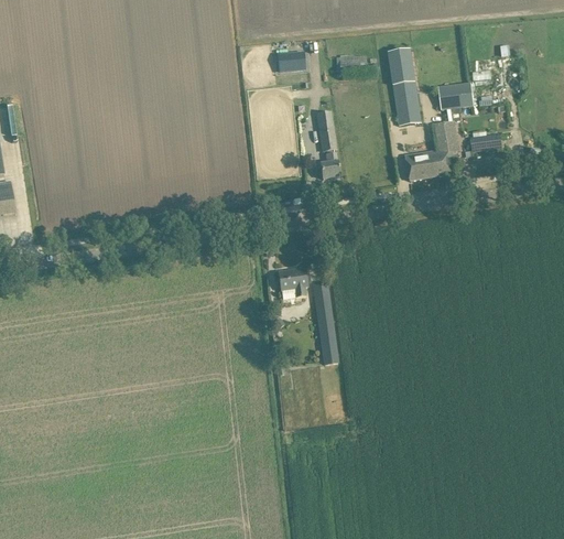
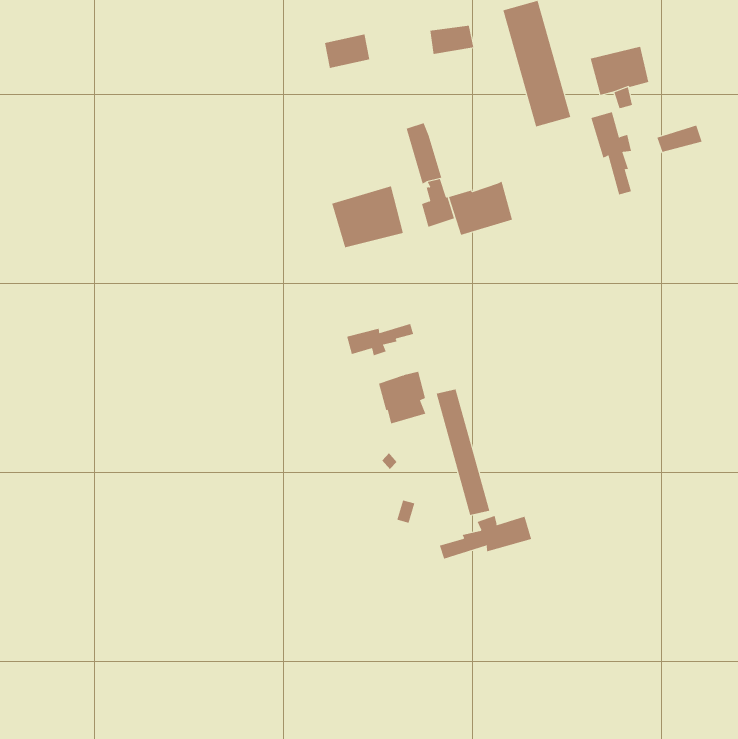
building: [405,150,444,181] -> [448,181,513,235]
building: none -> [331,186,404,248]
building: none -> [346,323,414,356]
building: none -> [439,515,532,559]

